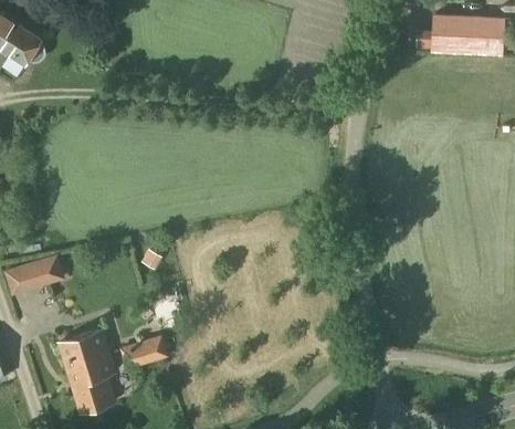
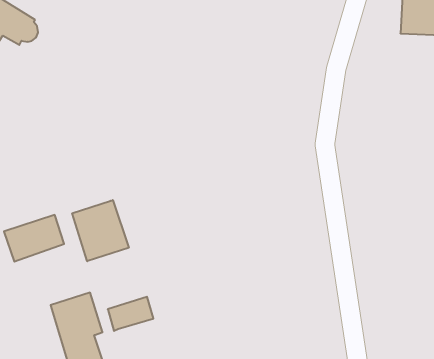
building: none -> [72,200,129,261]

